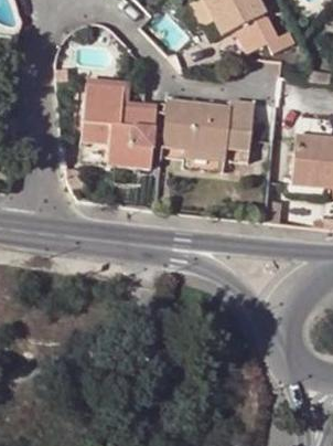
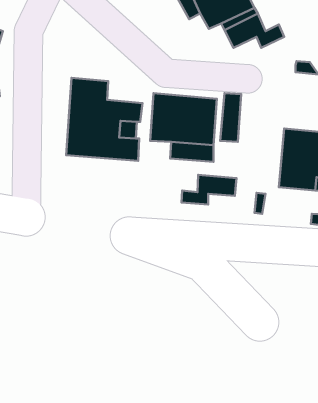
building: none -> [182,175,237,205]

